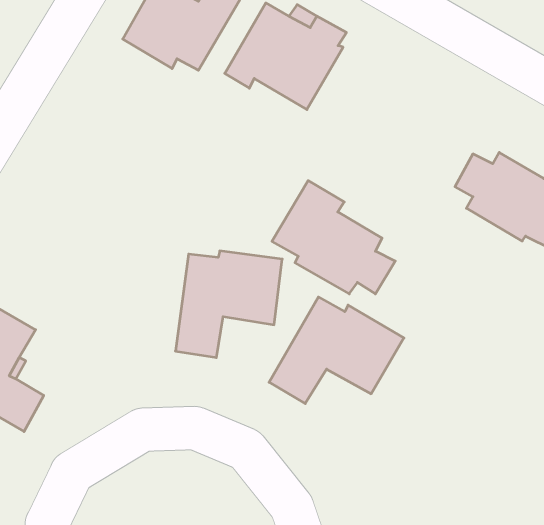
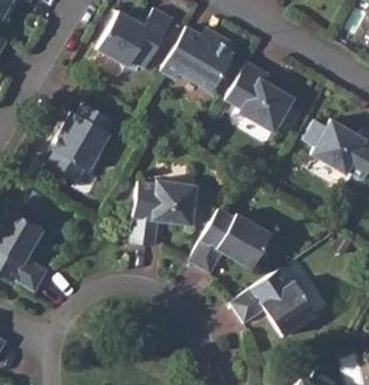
building: none -> [48,103,112,180]
building: [272,181,395,294] -> [224,62,301,132]
building: none -> [228,268,316,336]

